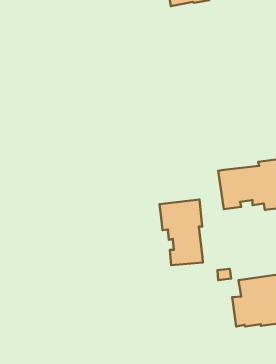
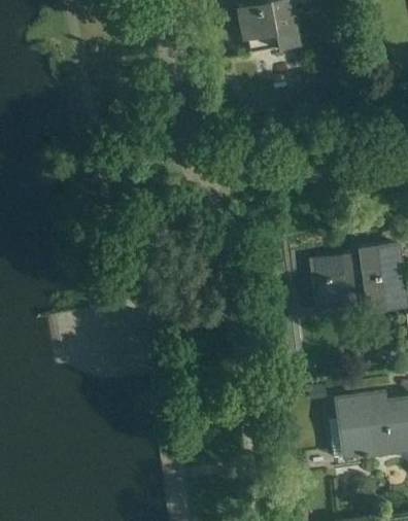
building: [159,199,203,265] -> none

